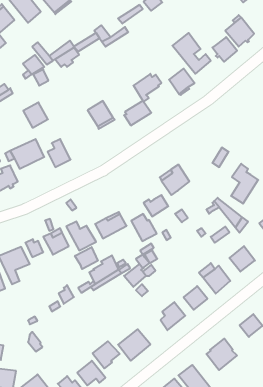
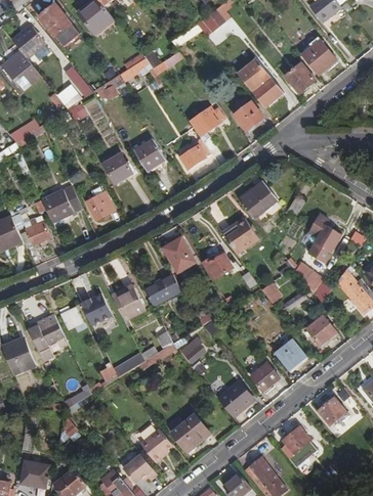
building: [23,102,48,128] -> [102,153,132,184]
building: none -> [238,181,276,219]
building: [131,214,157,241] -> [164,239,195,272]
building: [75,247,98,269] -> none

